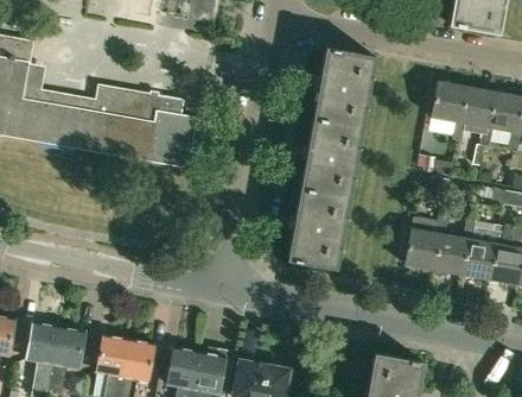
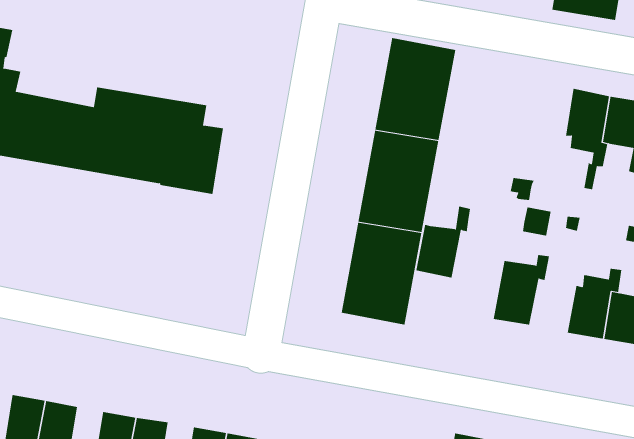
building: [432,81,466,141] -> none
building: [433,219,476,275] -> [415,206,471,278]

